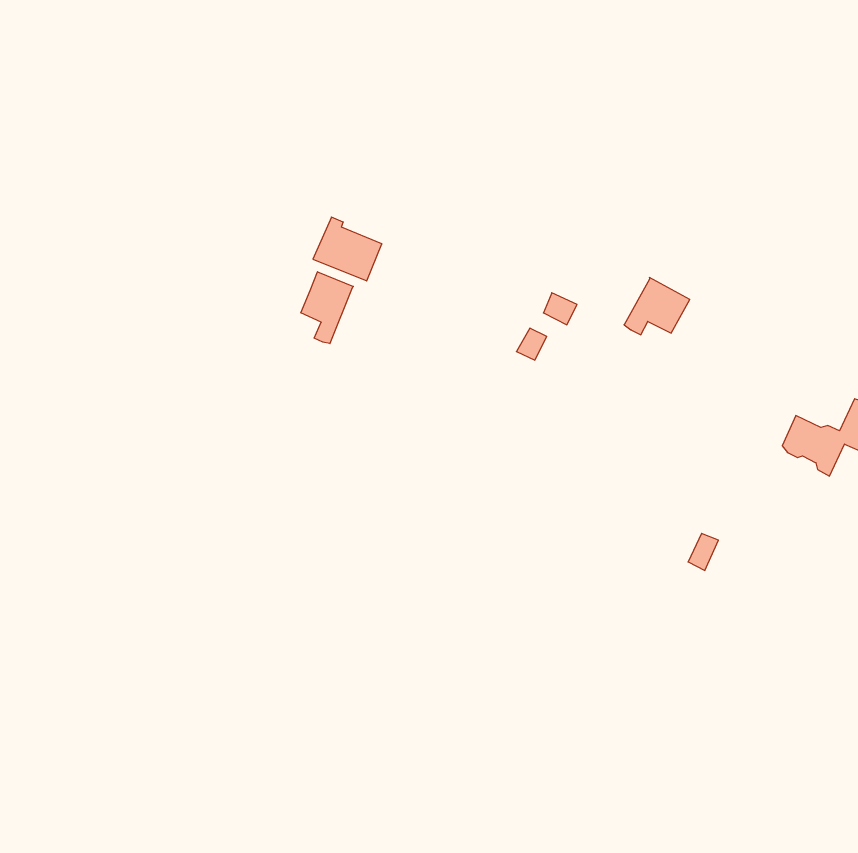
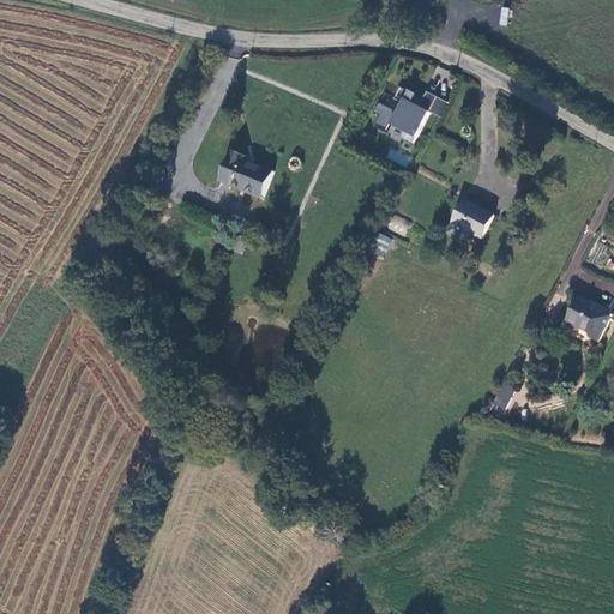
building: none -> [373,84,450,139]
building: [301,272,353,344] -> none

